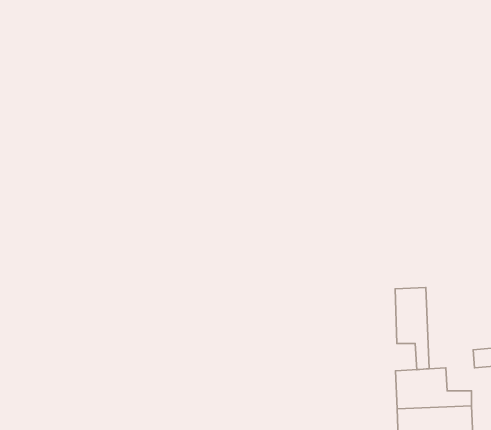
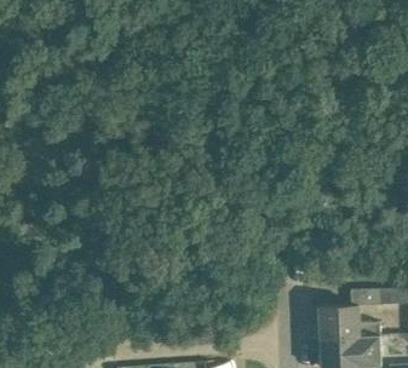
building: [395,288,429,370] -> none

